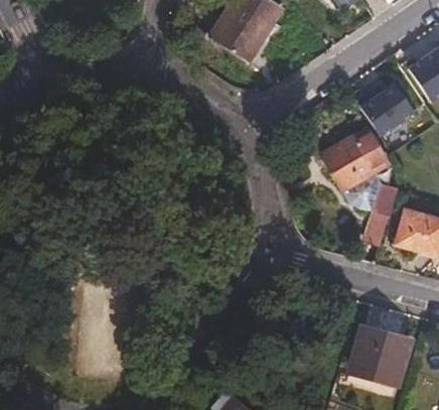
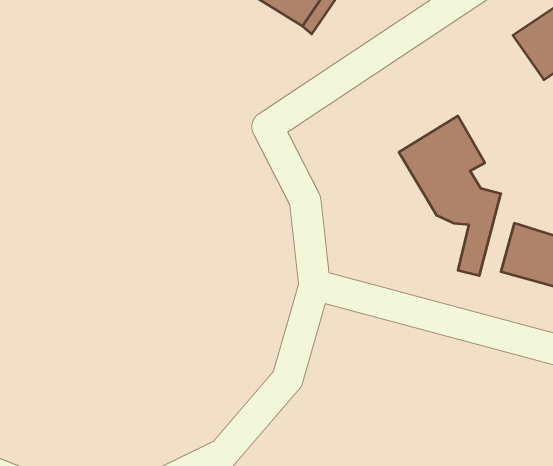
building: [359,79,417,135] -> none
building: [351,326,409,384] -> none

